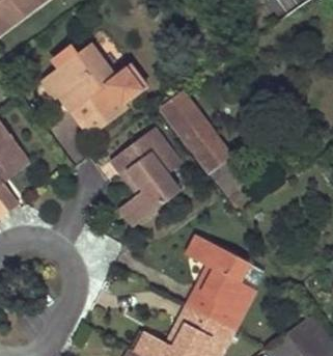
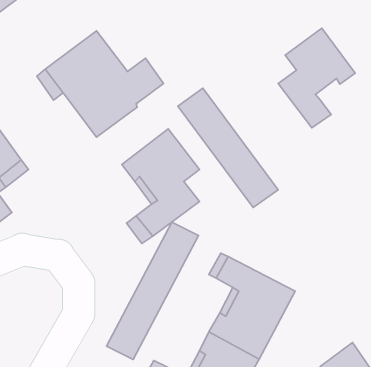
building: none -> [278,28,355,128]
building: none -> [107,222,198,359]

